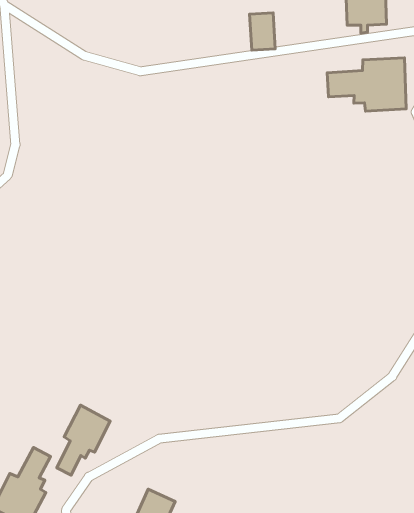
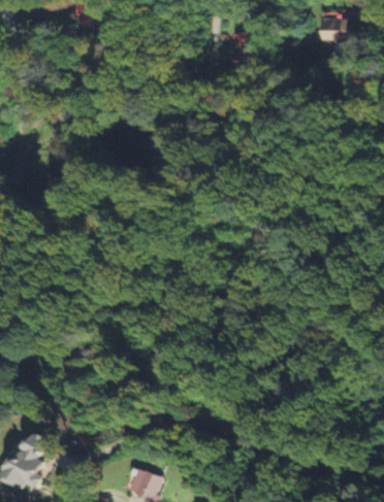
building: [327,58,406,111] -> none
building: [57,405,110,475] -> none

